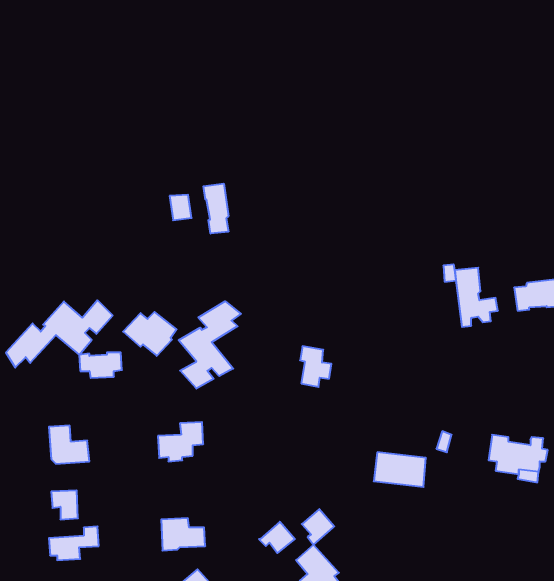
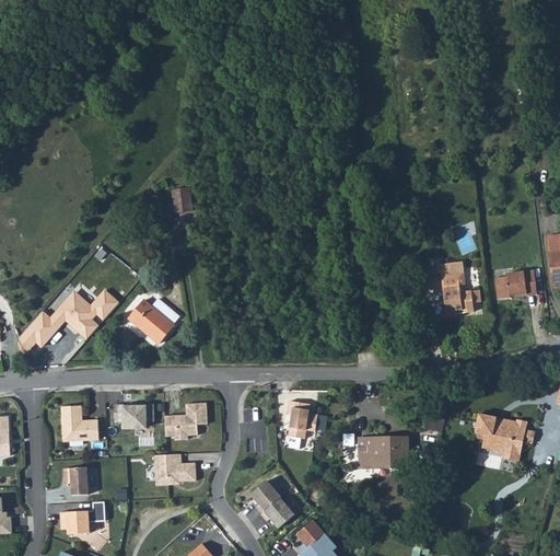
building: [203,184,228,234] -> none
building: [179,301,241,389] -> none
building: [300,346,331,387] -> [284,401,314,439]
building: [79,352,122,378] -> [110,404,151,428]
building: [302,509,334,545] -> [247,479,278,513]
building: [161,518,205,551] -> [153,454,195,485]

